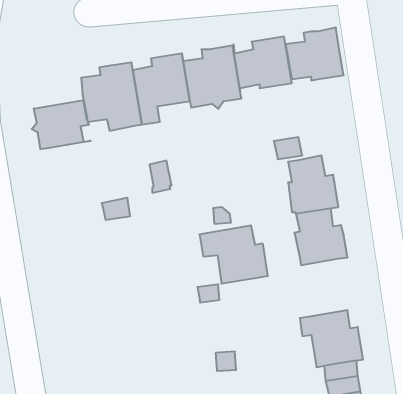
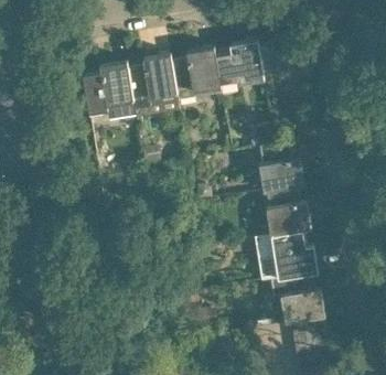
building: [32,100,91,149] -> none
building: [199,225,268,284] -> [256,229,314,279]

